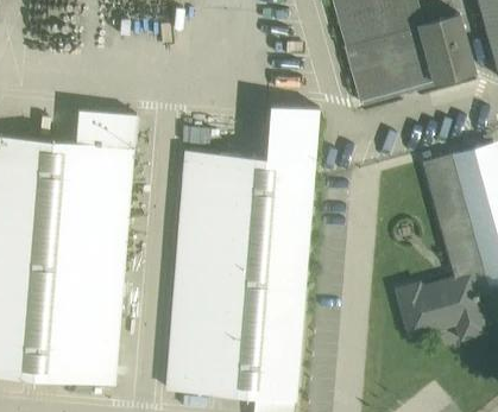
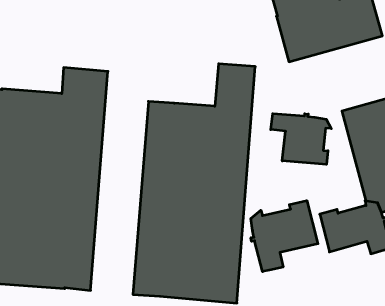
building: none -> [271,114,331,164]
building: none -> [251,201,318,272]

